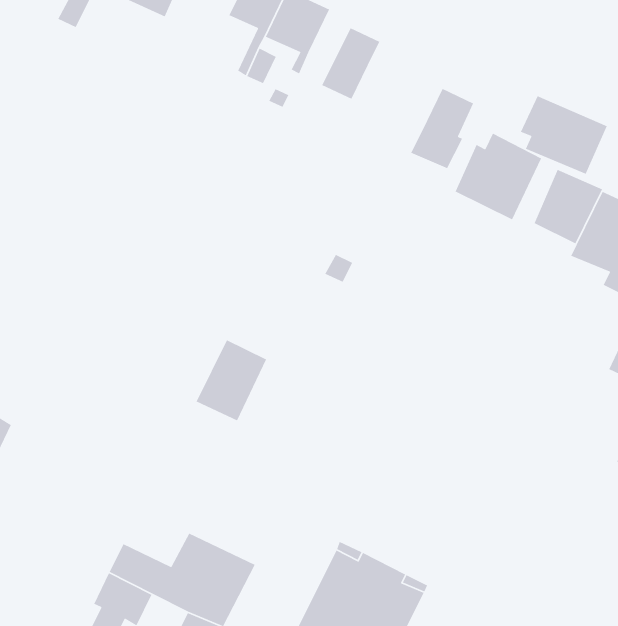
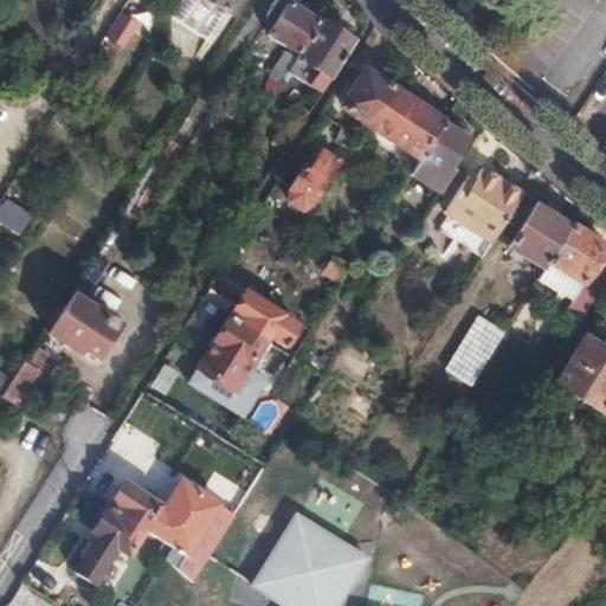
building: none -> [365,85,444,156]
building: [520,95,608,175] -> none
building: none -> [285,146,339,211]
building: none -> [449,316,504,385]
building: none -> [232,291,298,343]
building: none -> [51,297,118,357]

